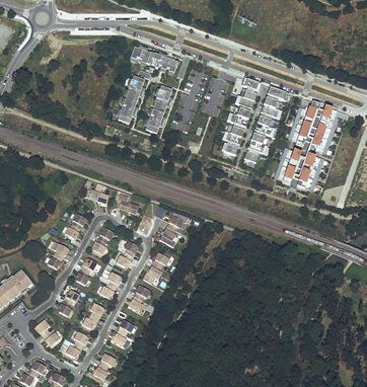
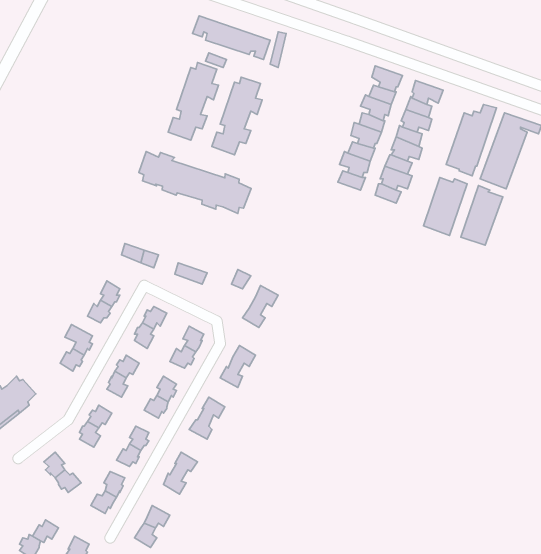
building: none -> [139,151,251,214]

